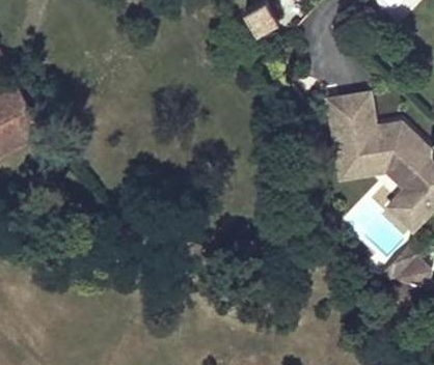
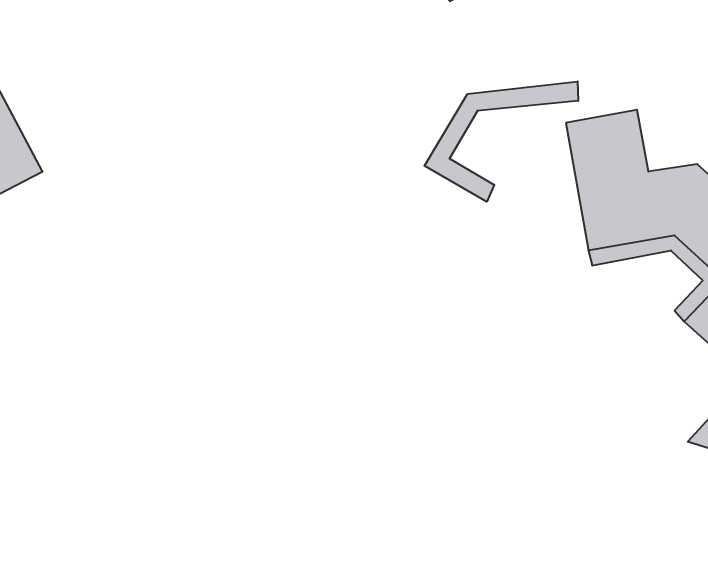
building: none -> [424,81,578,202]

